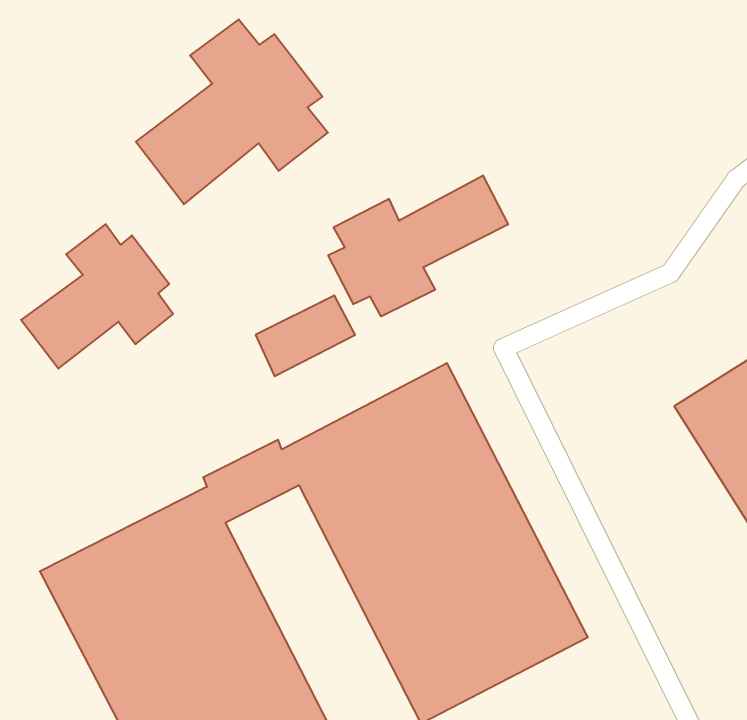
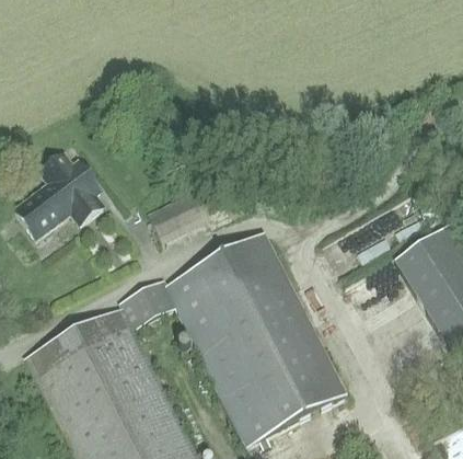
building: [136,19,328,204] -> none
building: [328,175,508,316] -> none

